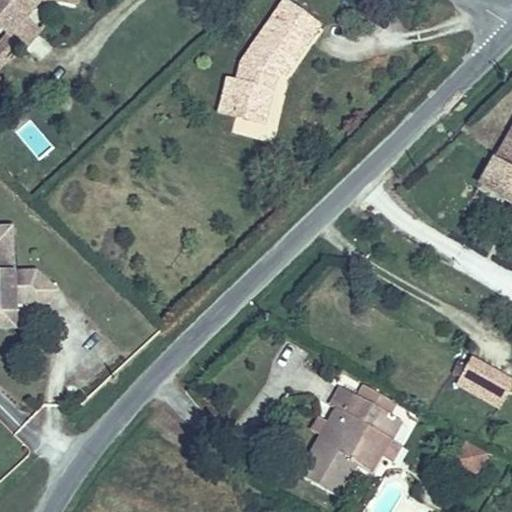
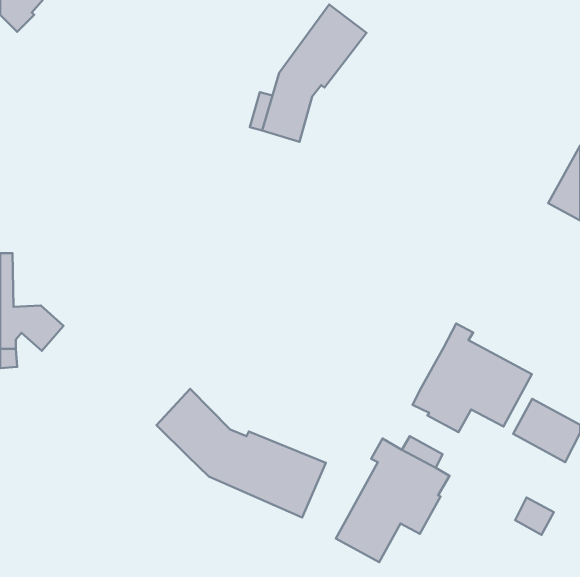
building: none -> [413,323,532,432]
building: none -> [156,389,326,518]

